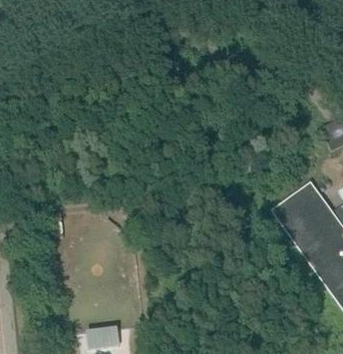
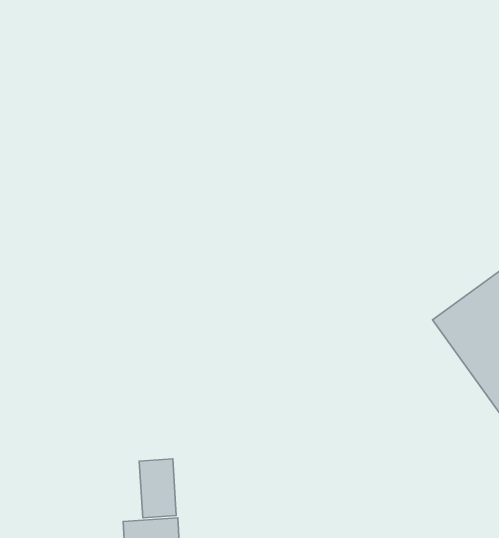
building: none -> [139,459,176,518]

